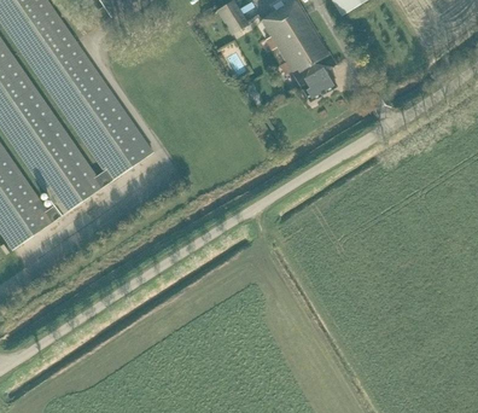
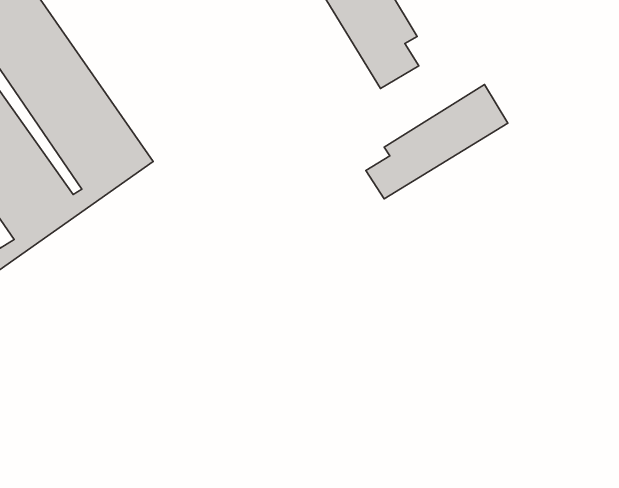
building: none -> [366,85,508,199]

